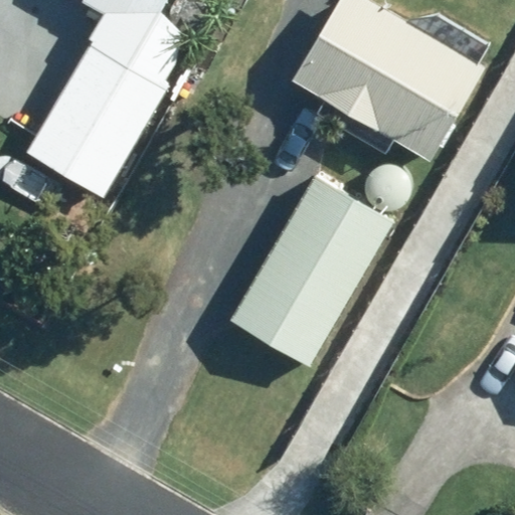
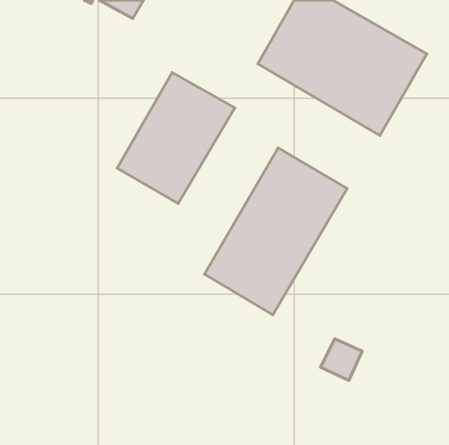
building: [28,43,162,192] -> [117,73,235,203]

